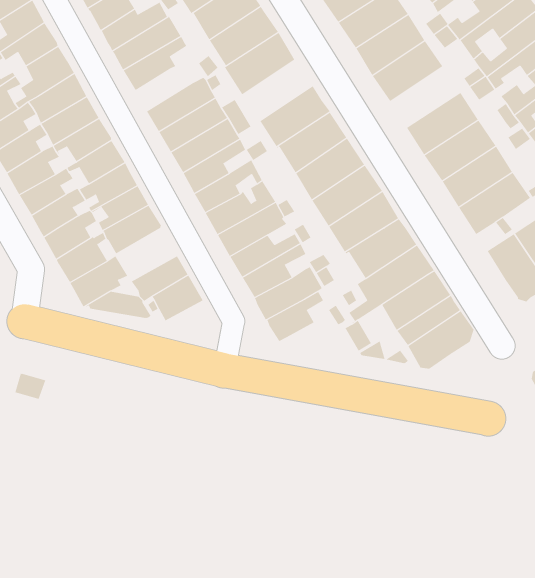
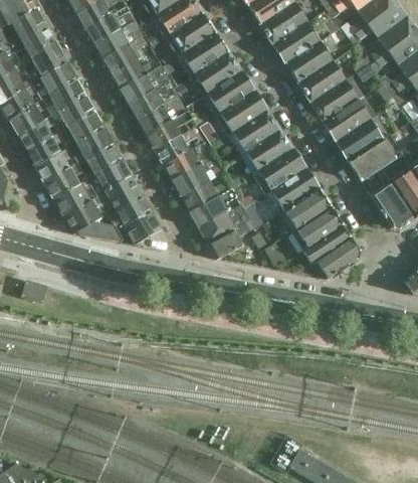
building: none -> [190,51,242,97]
building: none -> [112,56,154,90]
building: none -> [298,56,351,102]
building: none -> [97,174,143,214]

